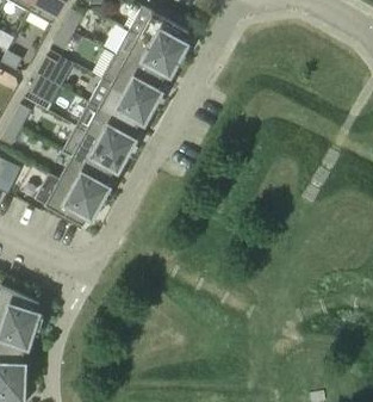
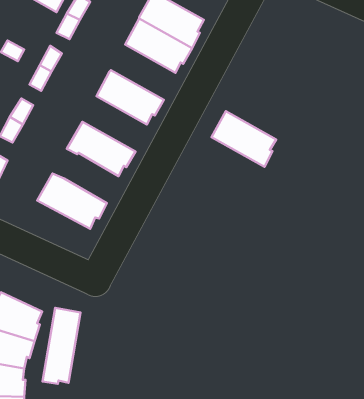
building: [102,55,162,106] -> [212,111,276,167]
building: [76,103,136,154] -> none
building: [60,155,110,202] -> none
building: none -> [42,308,80,384]

